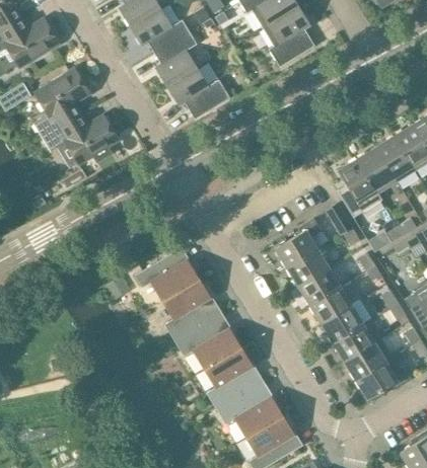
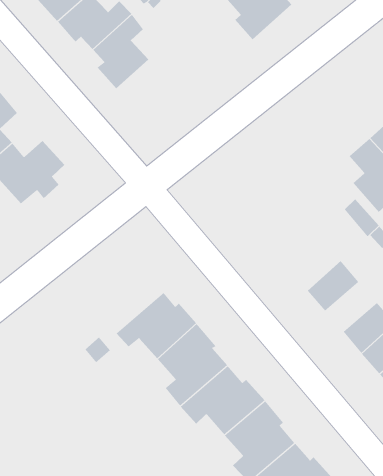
building: [167,68,230,119] -> none
building: [275,217,321,267] -> none
building: [298,267,340,304] -> none

